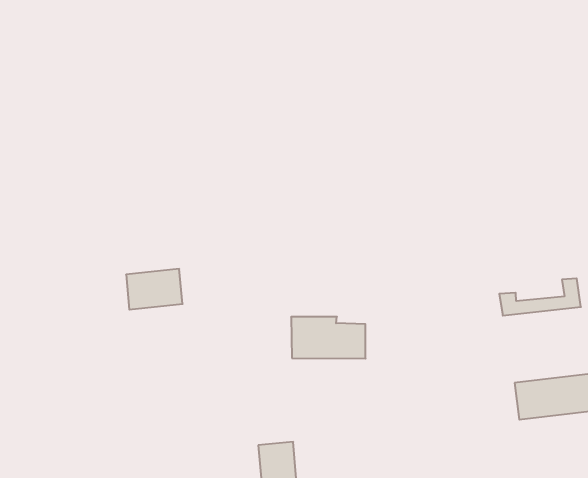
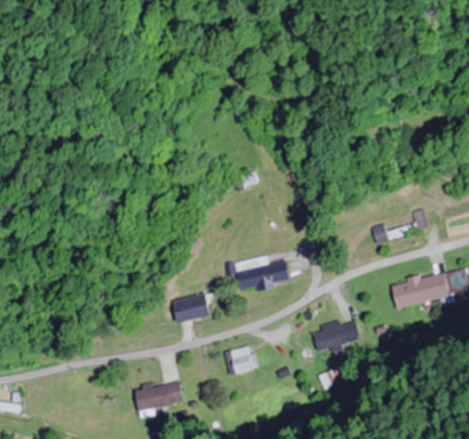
building: [126,269,183,310] -> [170,292,211,324]
building: none -> [313,316,362,351]

